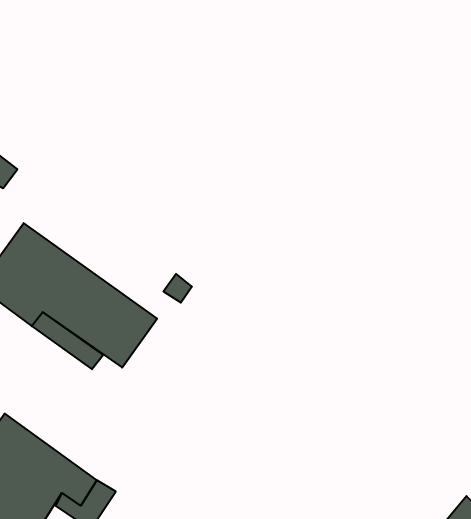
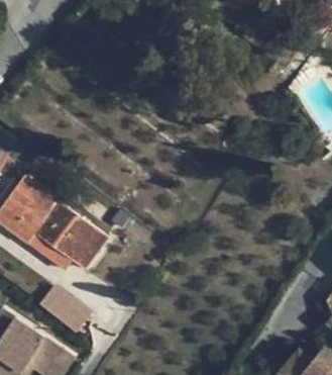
building: none -> [39,285,89,330]

